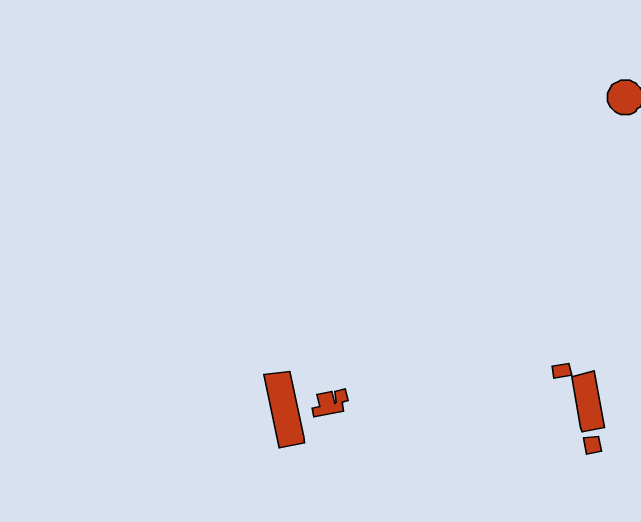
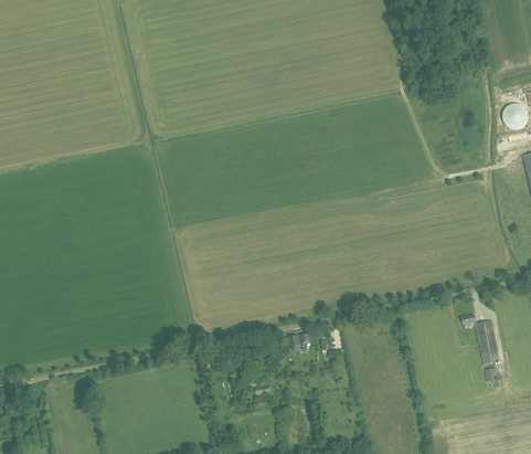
building: [264,372,304,448] -> none

